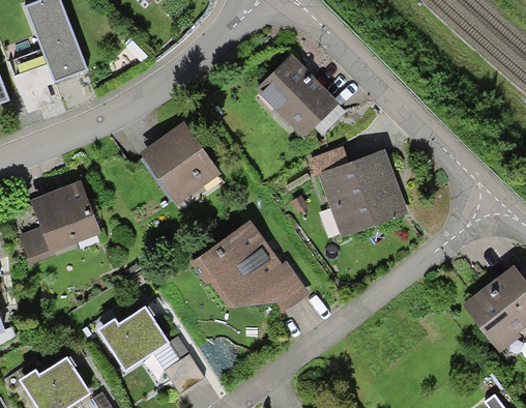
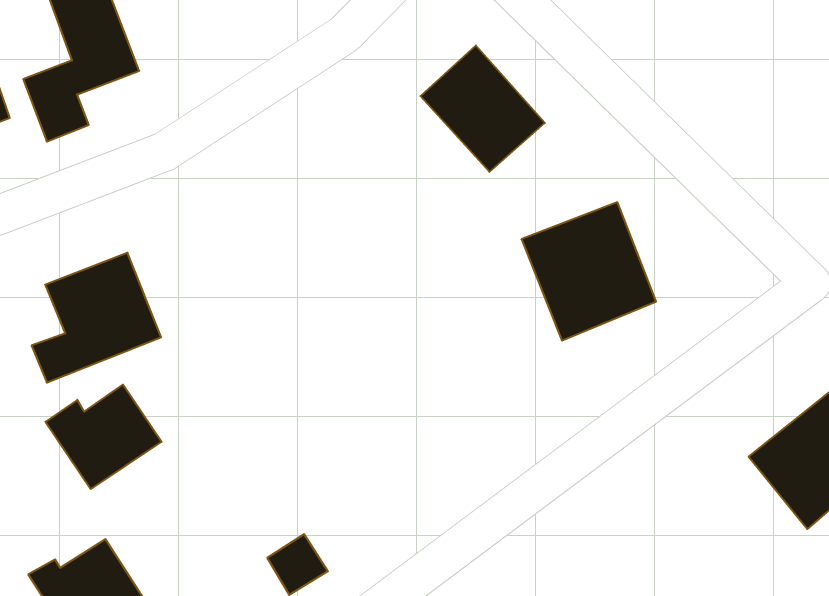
building: [142,120,223,204] -> none
building: [193,218,309,316] -> none
building: [96,307,168,371] -> [45,385,162,489]

